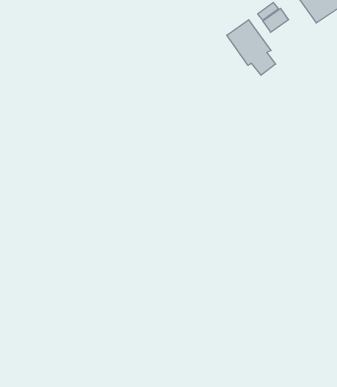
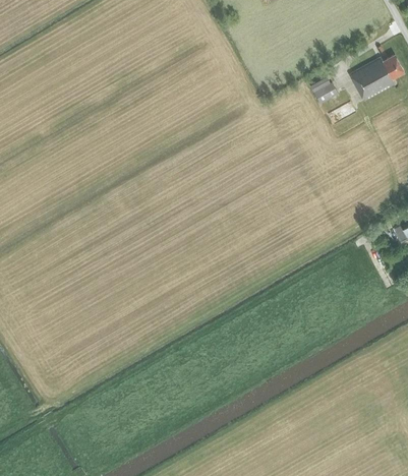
building: [227,20,276,75] -> none

